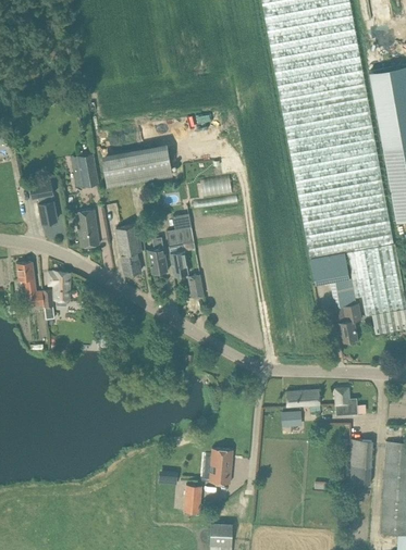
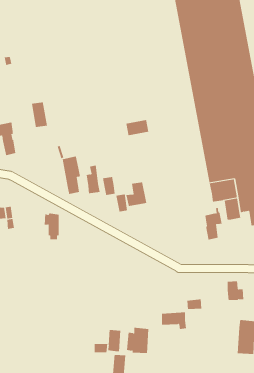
building: [101,143,172,187] -> none
building: [76,211,99,248] -> none
building: [165,214,194,247] -> [126,182,147,207]
building: [48,271,69,307] -> [44,213,59,240]
building: [337,298,361,341] -> [204,207,223,240]
building: [286,389,320,412] -> [161,312,187,329]
building: none -> [108,329,121,352]

